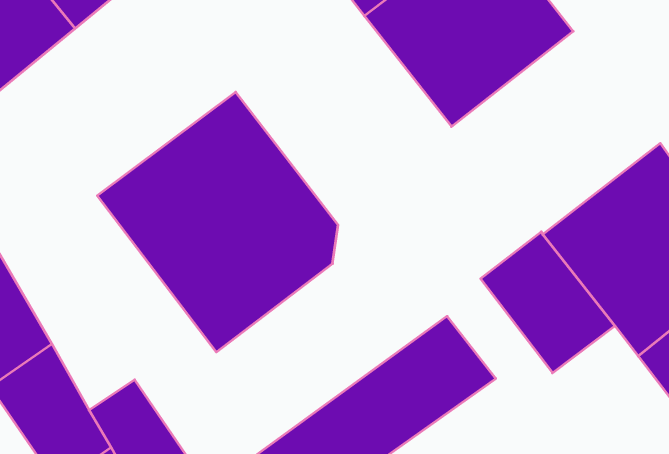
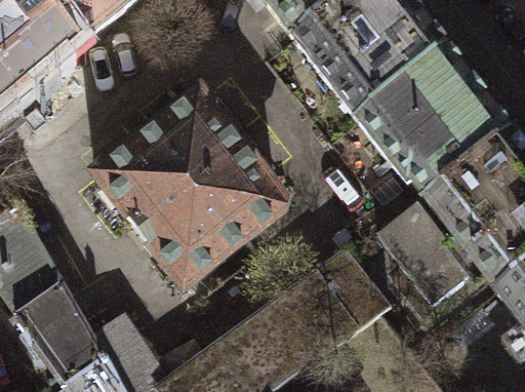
building: none -> [354,49,509,200]

